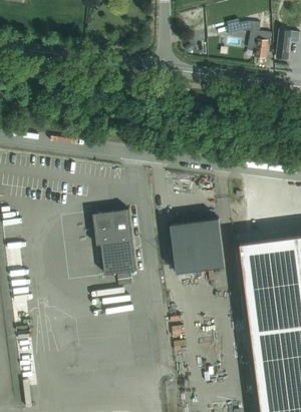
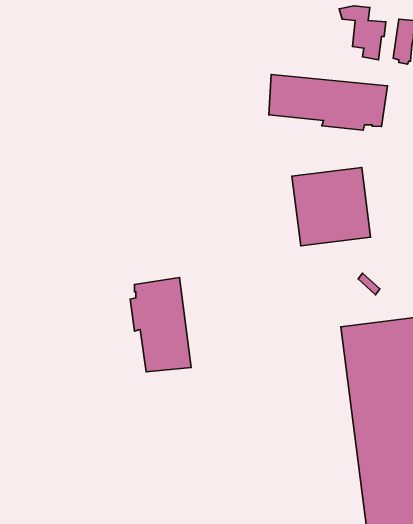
building: none -> [269,74,387,130]
building: [171,220,225,274] -> [292,167,370,246]

